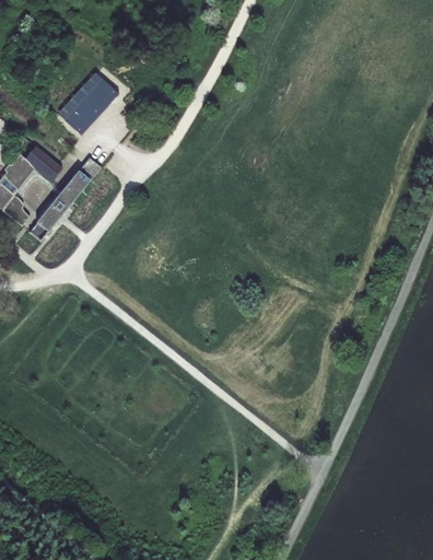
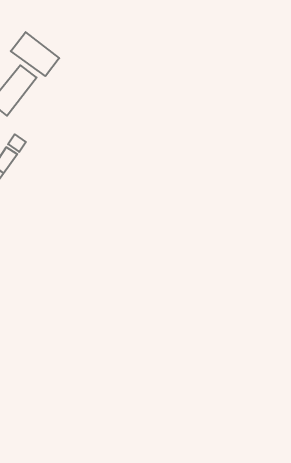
building: none -> [11,32,59,76]

